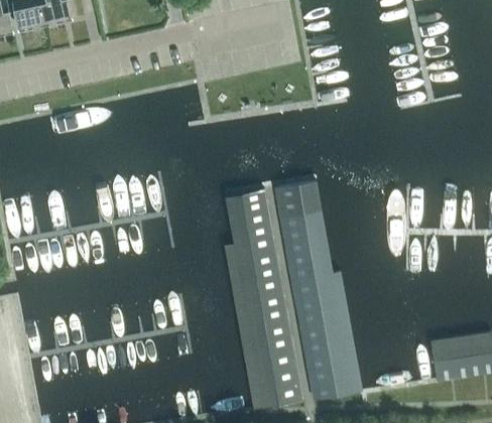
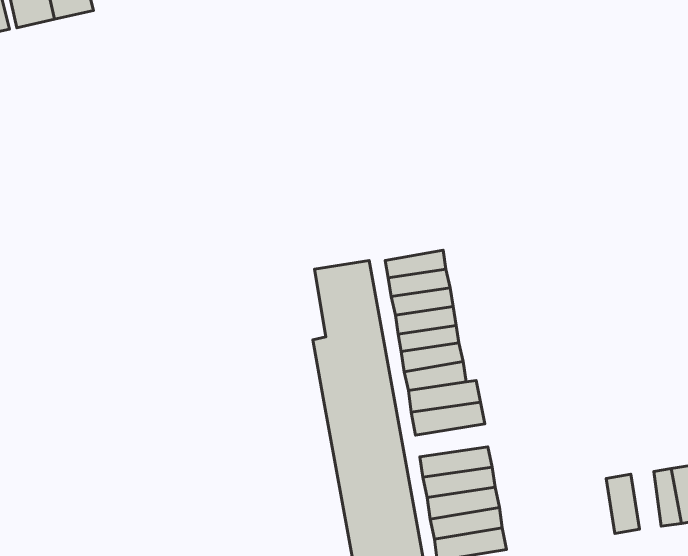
building: [297,305,348,328] -> none
building: [448,338,469,379] -> none

